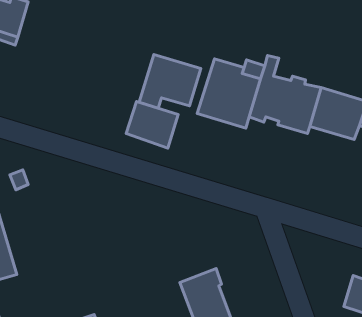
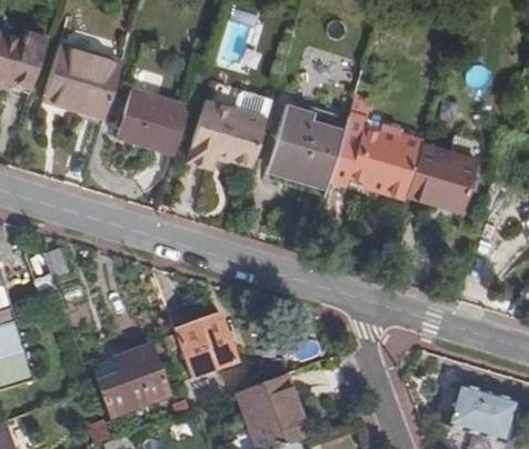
building: none -> [48,36,122,107]
building: [126,102,178,148] -> [119,92,186,152]
building: none -> [177,313,240,378]
building: none -> [98,347,172,419]

